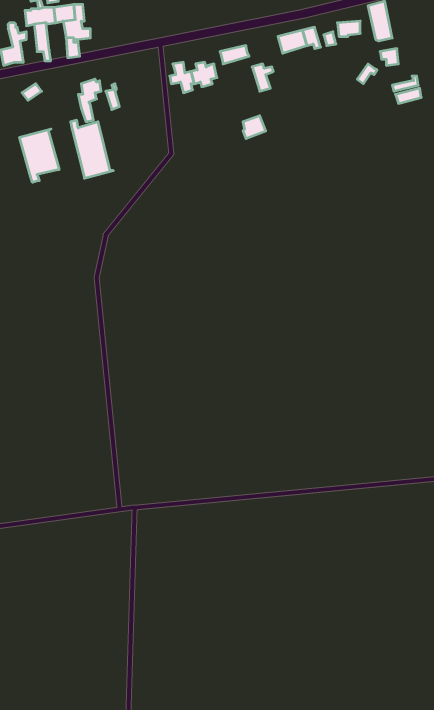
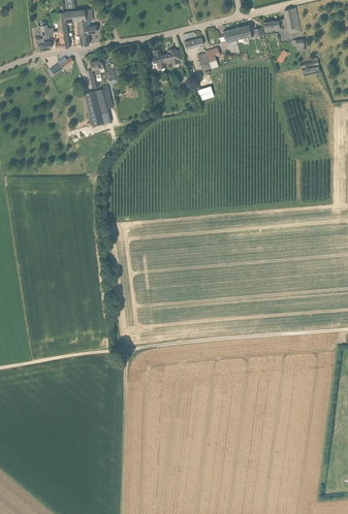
building: [20,129,59,182] -> none

